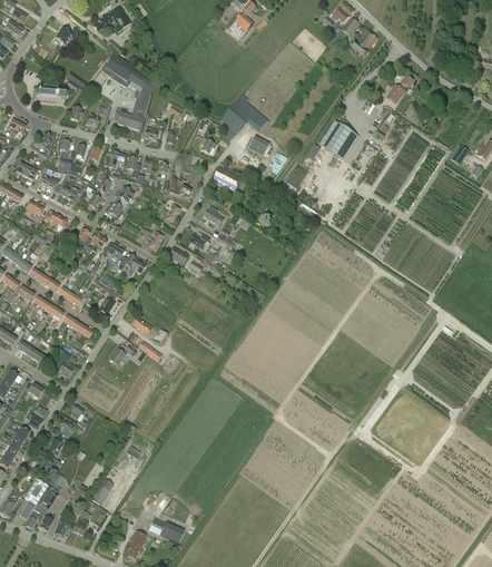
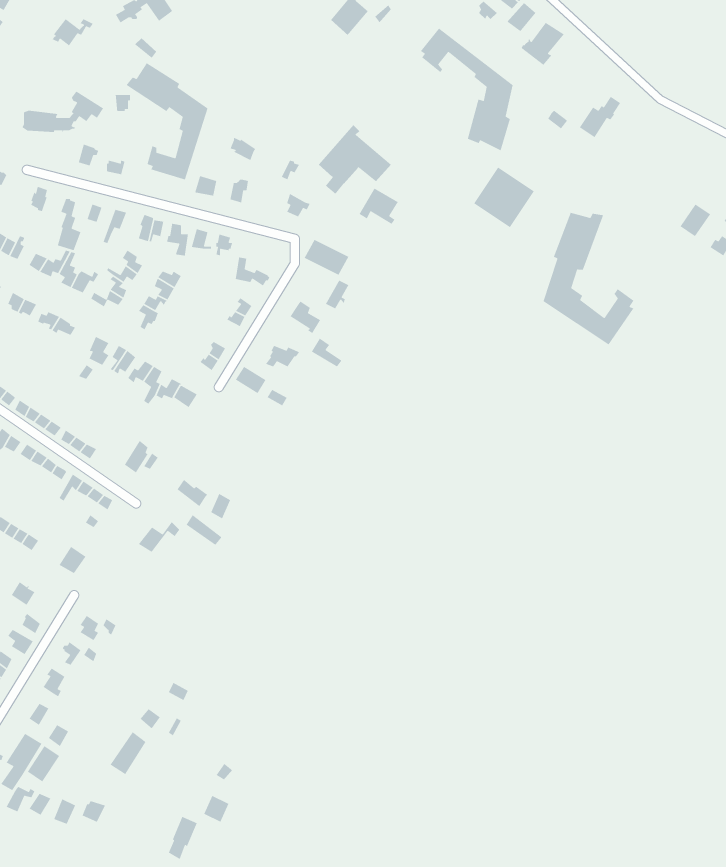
building: none -> [420,27,513,152]
building: none -> [542,212,634,346]

